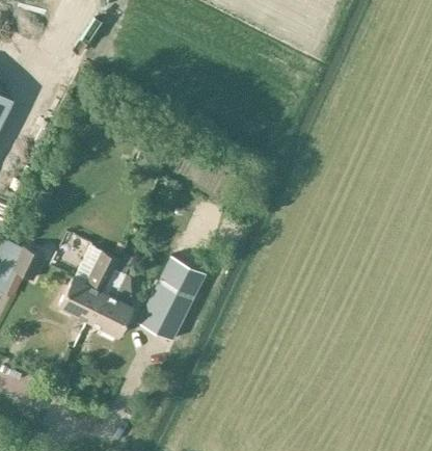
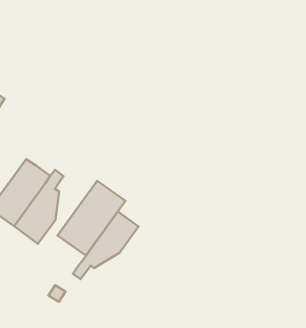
building: none -> [73,212,138,279]

